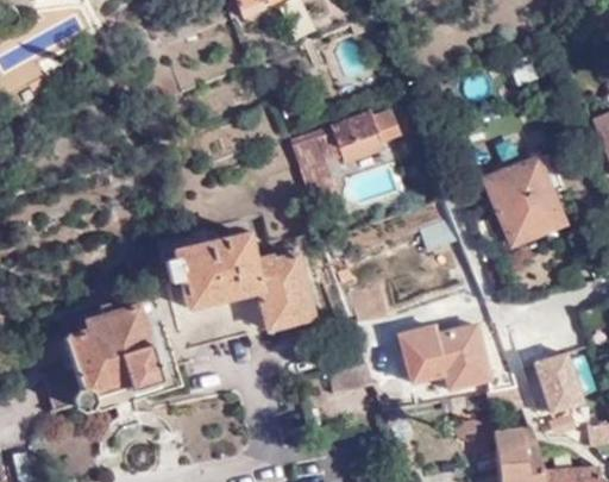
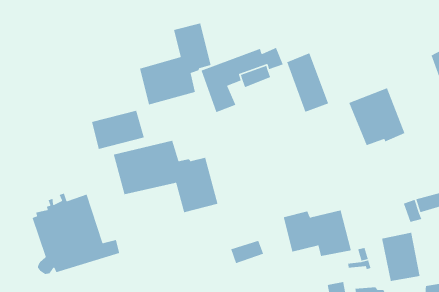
building: none -> [139,22,212,106]
building: none -> [286,52,329,113]
building: none -> [91,110,145,150]

